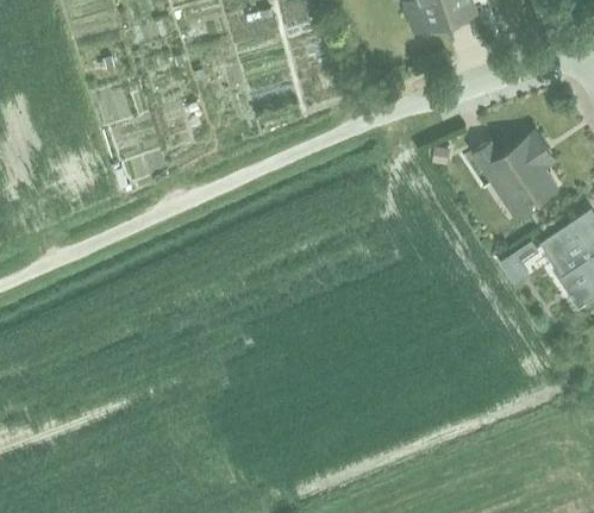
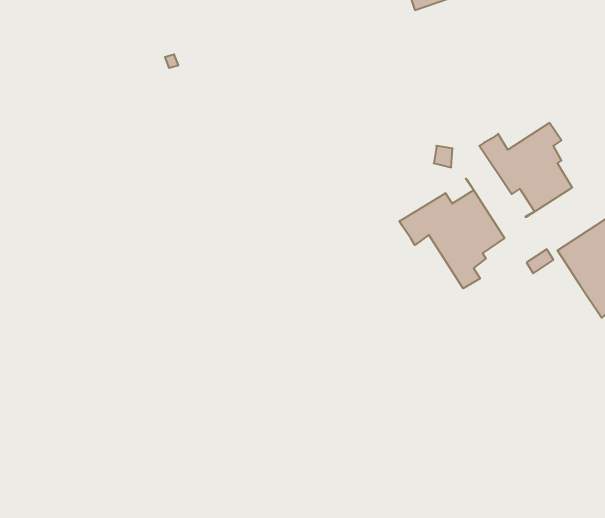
building: none -> [399,179,504,288]

